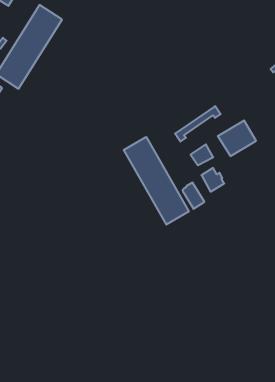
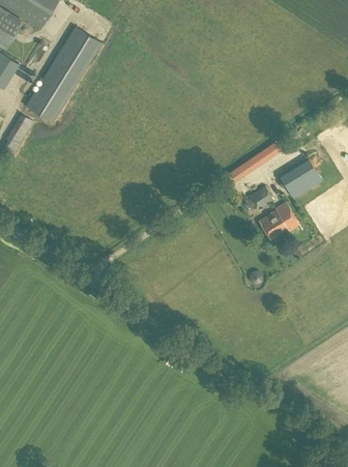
building: [124,137,189,225] -> none
building: [183,183,204,209] -> [277,201,301,231]

